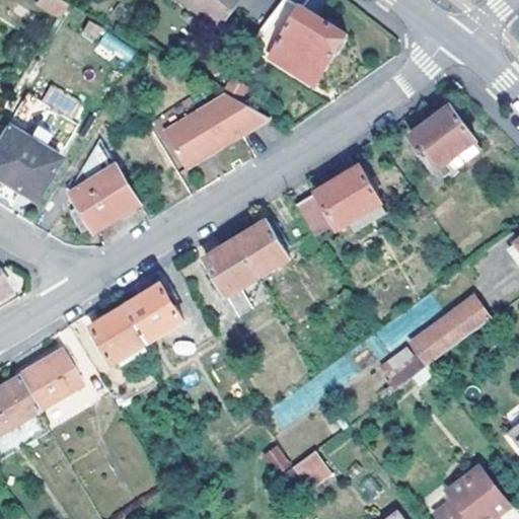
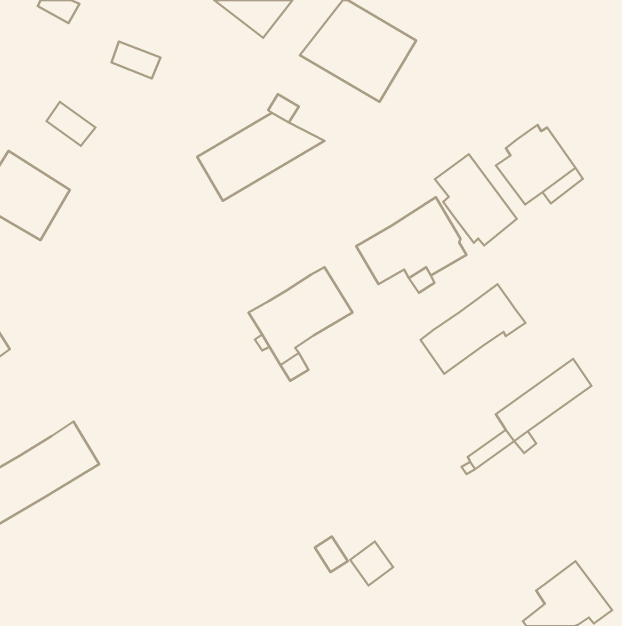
building: none -> [435,154,517,246]
building: [67,136,139,231] -> none
building: none -> [420,284,525,374]
building: [93,286,184,363] -> none

